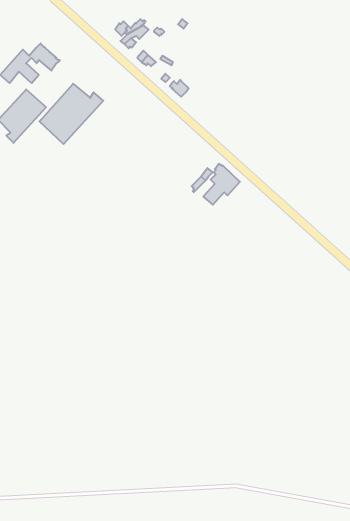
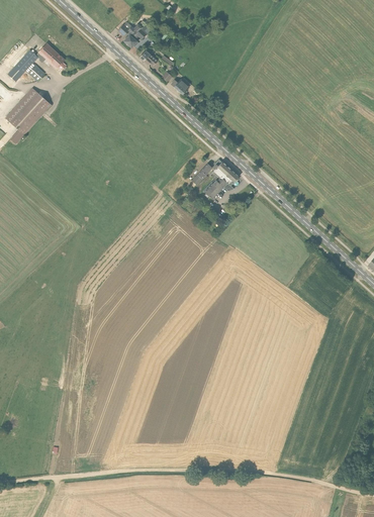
building: [39,84,103,144] -> none

